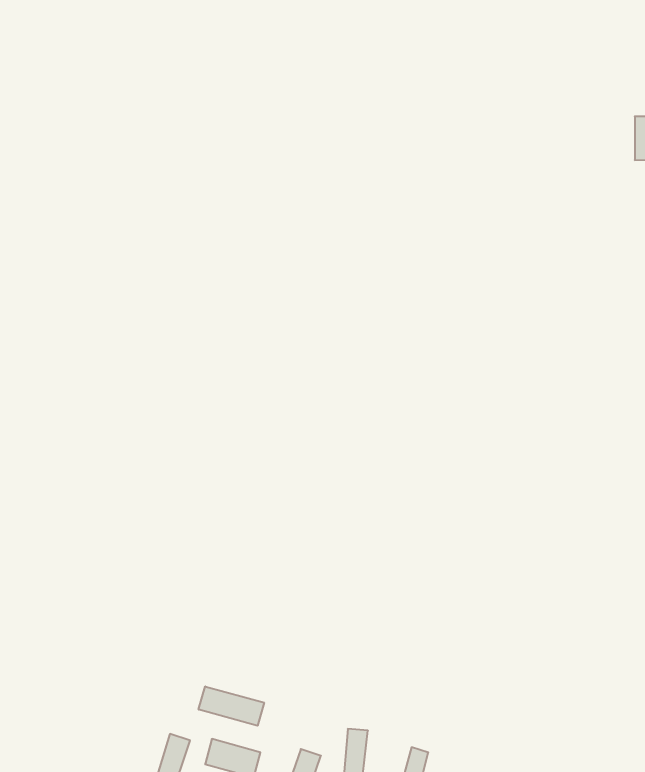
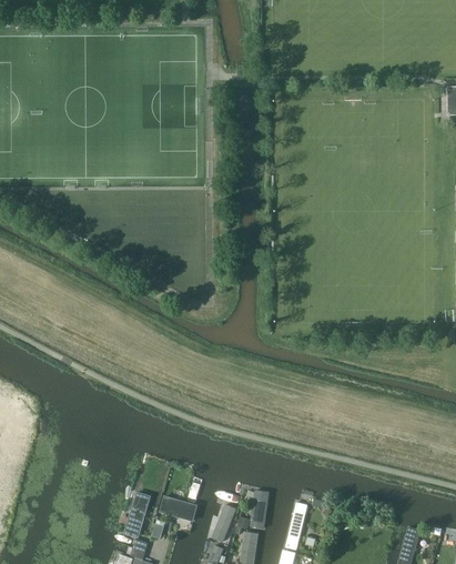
building: [199,686,264,726] -> none

